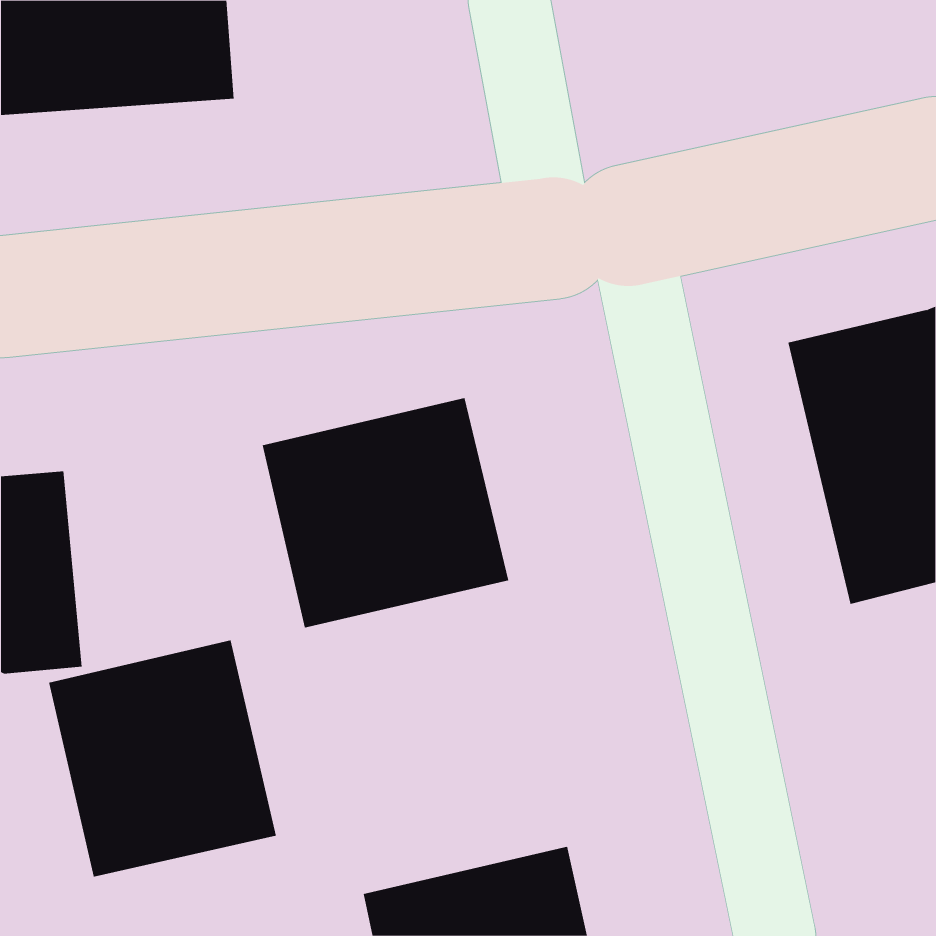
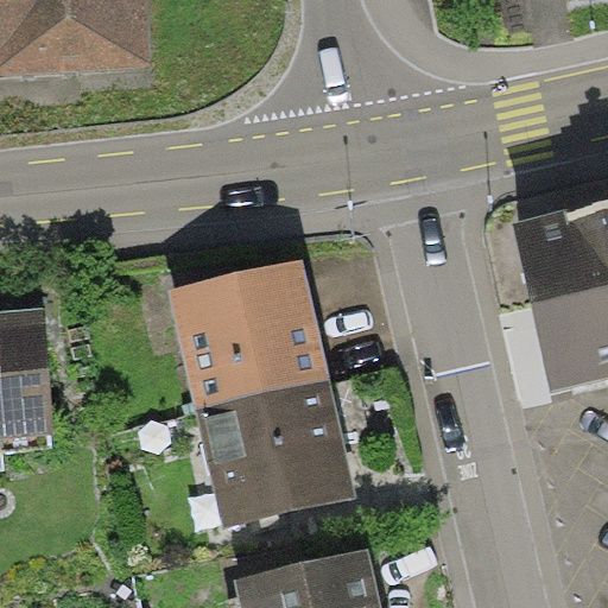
building: none -> [197,376,357,526]
building: [48,639,277,877] -> none

